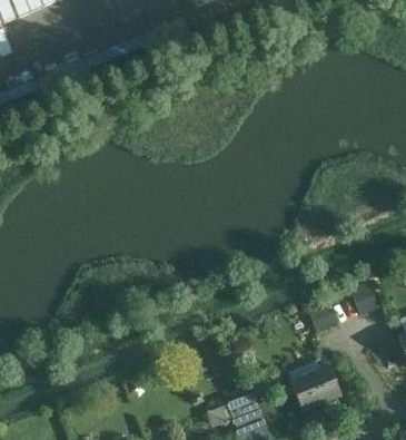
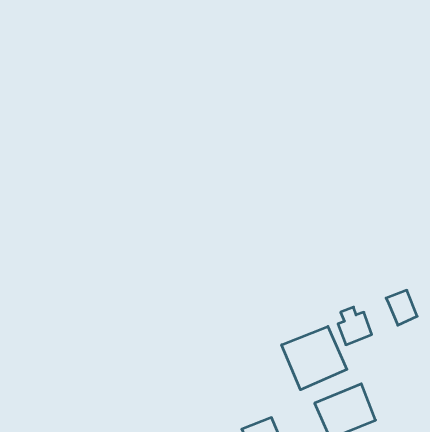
building: none -> [282,326,347,390]

